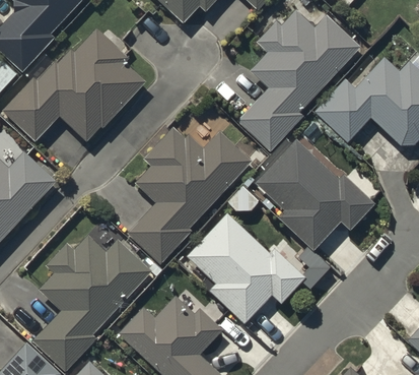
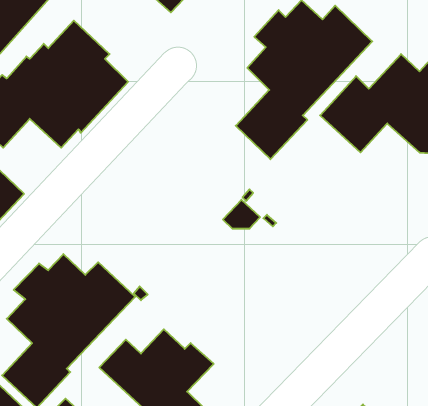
building: [133,128,255,261] -> none
building: [255,137,373,249] -> none
building: [188,214,307,322] -> none

